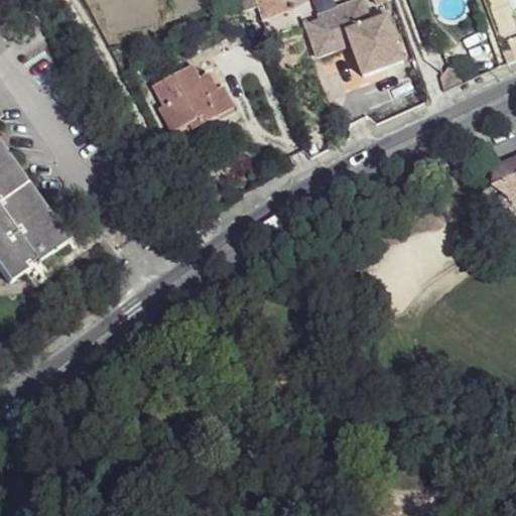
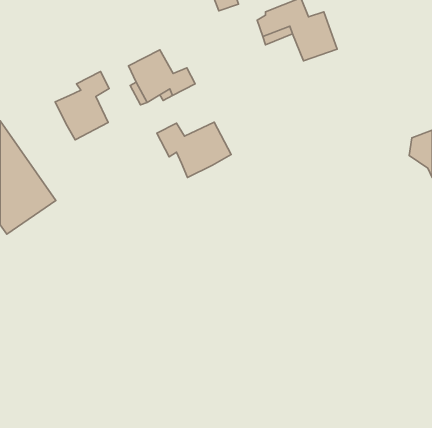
building: none -> [55,71,109,140]
building: none -> [157,122,231,177]

